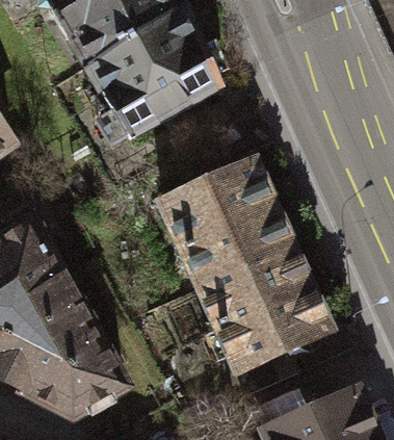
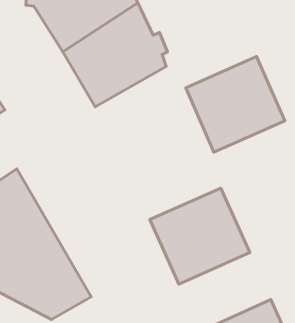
building: [164,163,292,287] -> [186,56,285,152]

